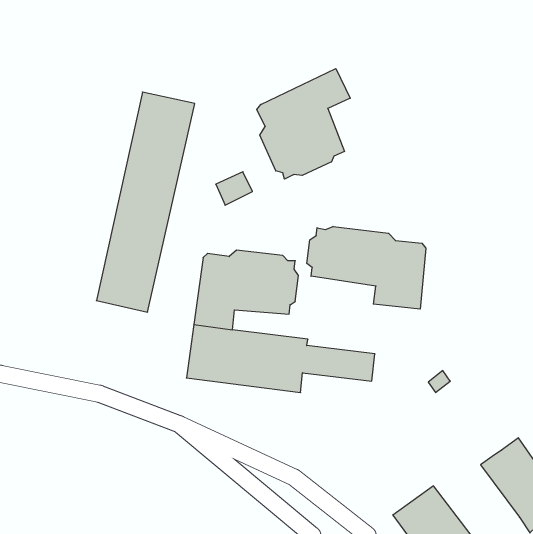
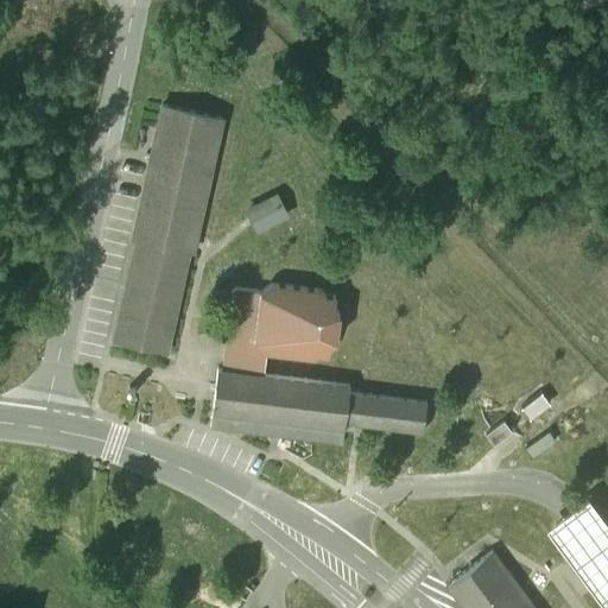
building: [257,69,350,179] -> none
building: [307,226,426,309] -> none

